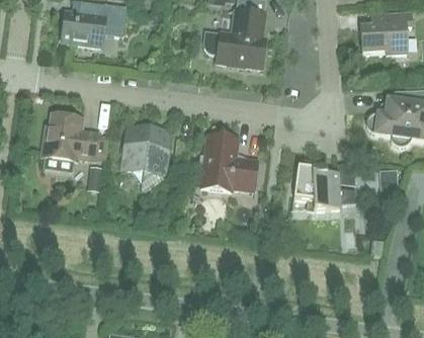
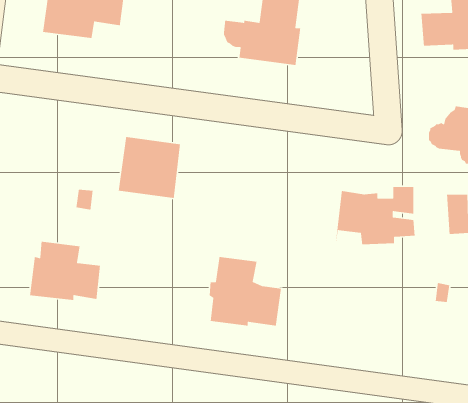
building: [43,112,99,160] -> [29,241,101,301]
building: [200,134,258,189] -> [209,256,282,326]

